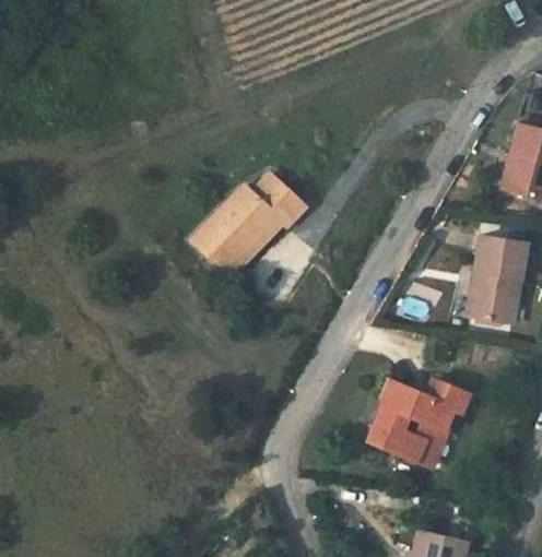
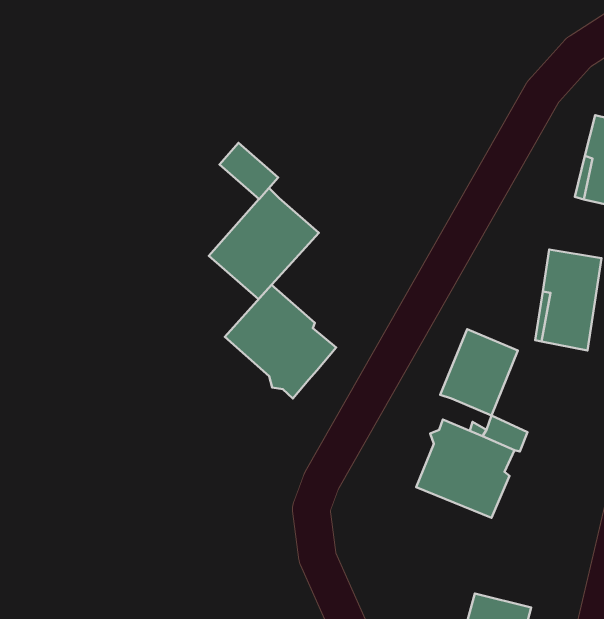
building: [251,174,302,222] -> [219,143,278,199]
building: none -> [225,285,336,398]
building: none -> [440,329,518,416]

